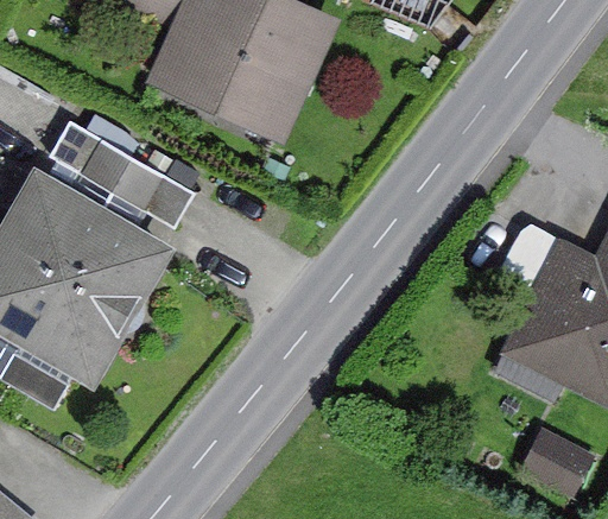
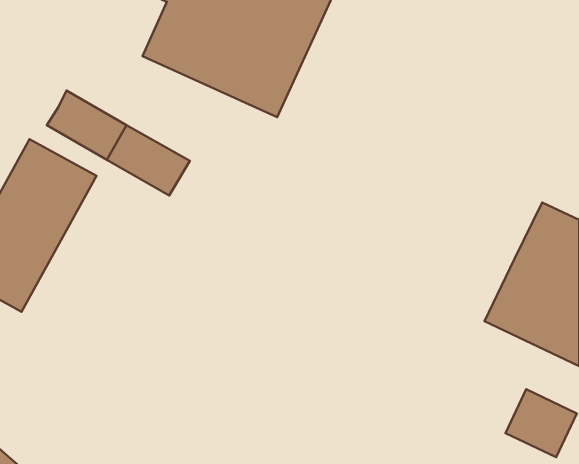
building: [23,208,170,386] -> none

